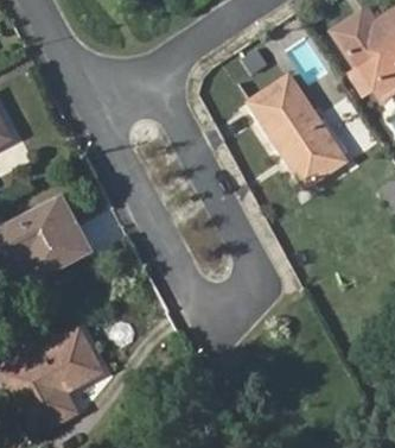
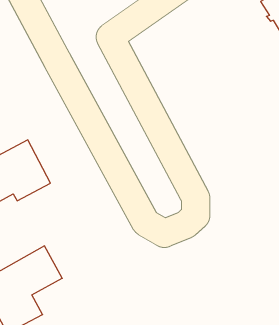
building: [251,75,346,185] -> none

